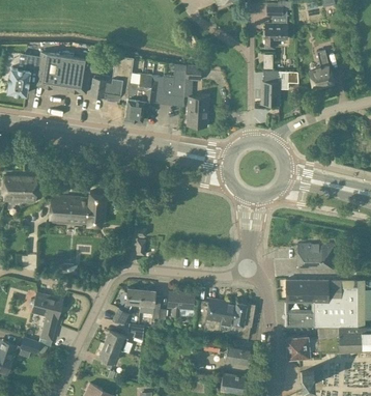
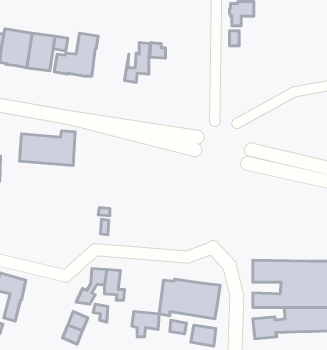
building: [311,49,334,88] -> none
building: [262,69,288,104] -> none
building: [125,70,165,119] -> none
building: [188,95,209,125] -> none
building: [50,191,105,225] -> [19,131,75,166]
building: [299,243,336,268] -> none
building: [168,291,195,316] -> [132,312,159,337]

